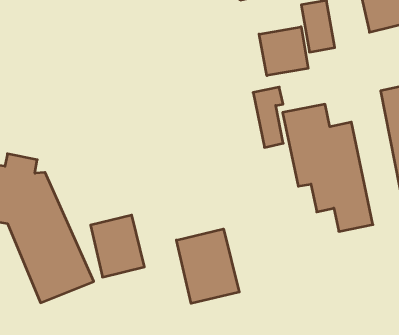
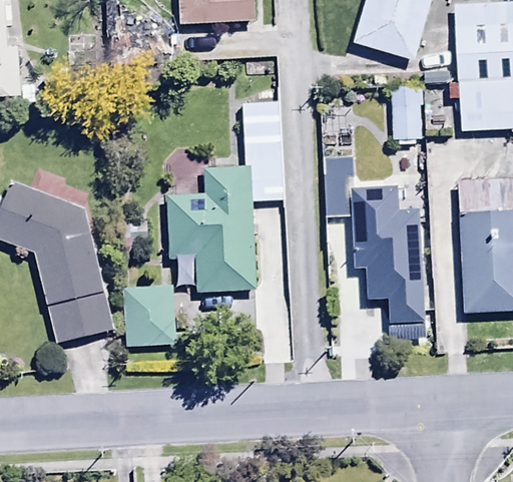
building: [259,27,308,76] -> none
building: none -> [165,104,285,295]
building: [176,229,239,303] -> none

